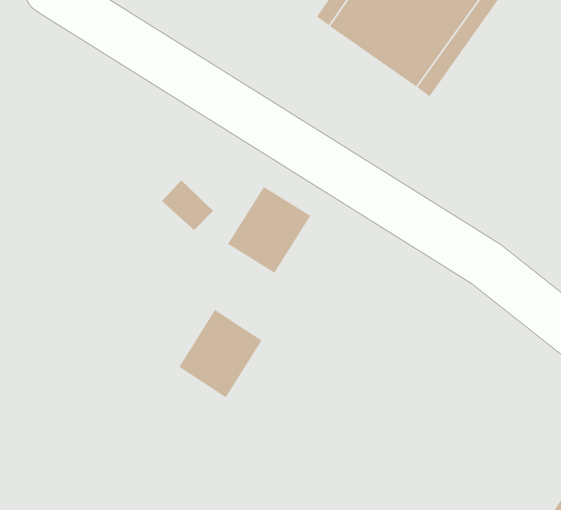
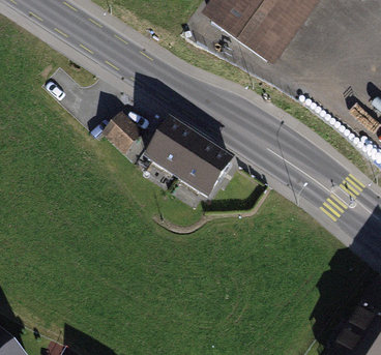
building: [178,309,262,398] -> [177,138,230,194]

